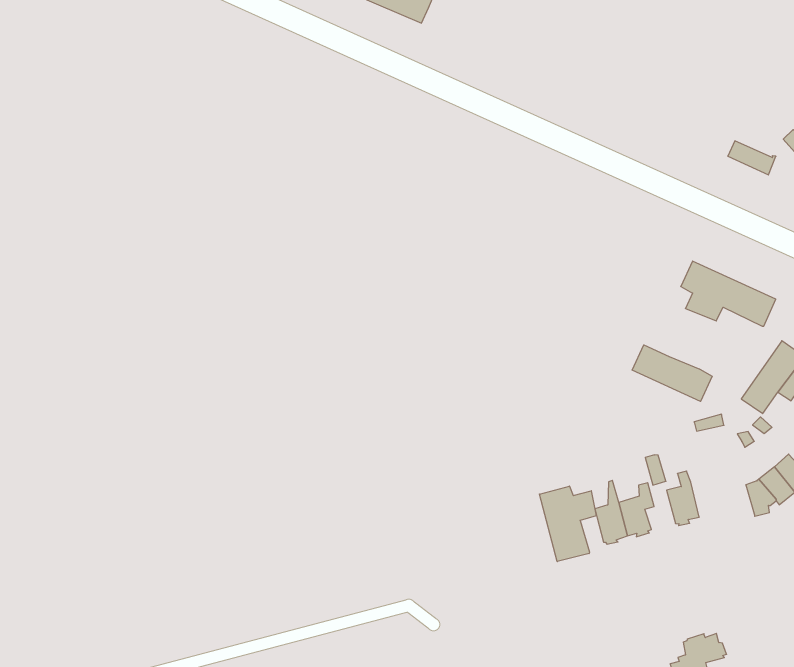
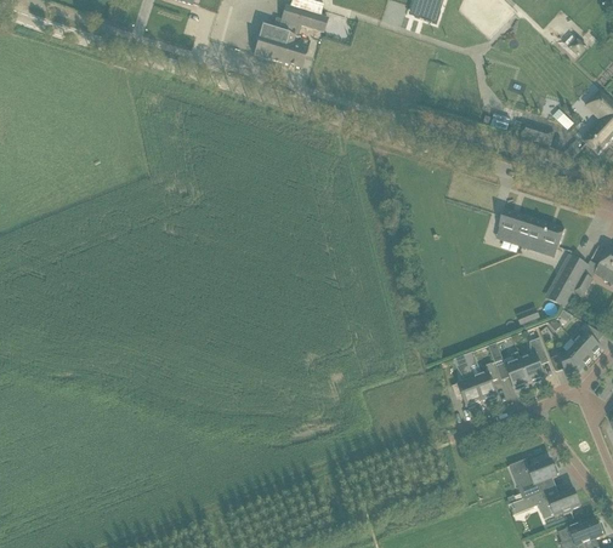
building: [632,345,712,401] -> none
building: none -> [521,337,546,383]
building: [539,486,596,562] -> none

